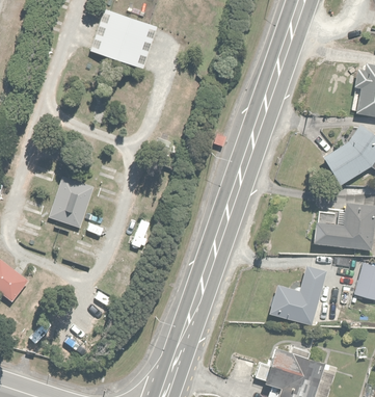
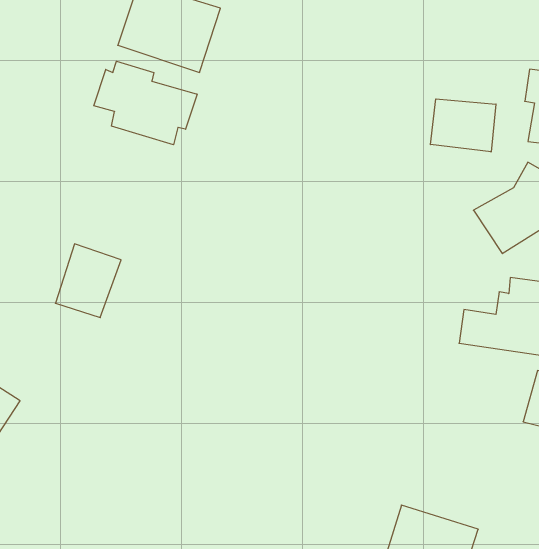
building: none -> [94,61,197,145]
building: none -> [430,99,496,152]
building: [269,264,326,325] -> none

